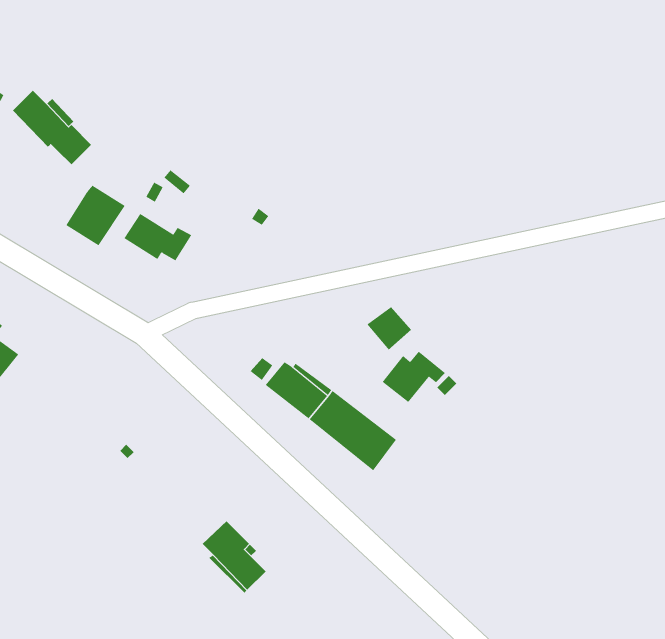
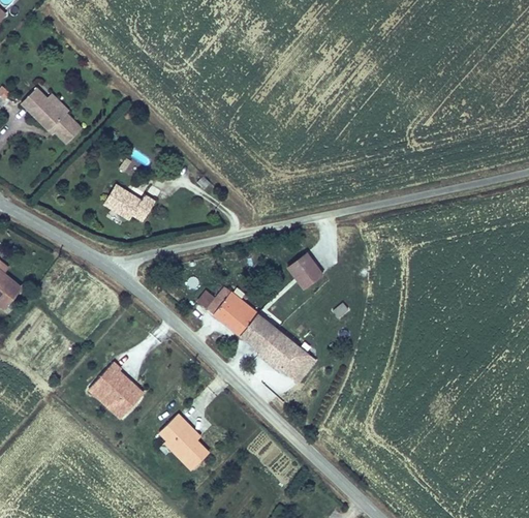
building: [65,185,126,246] -> none
building: [382,351,446,403] -> none
building: none -> [89,361,146,419]

